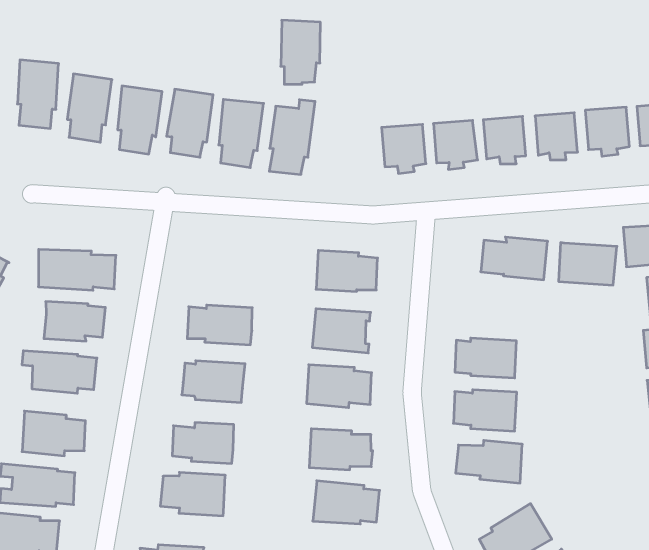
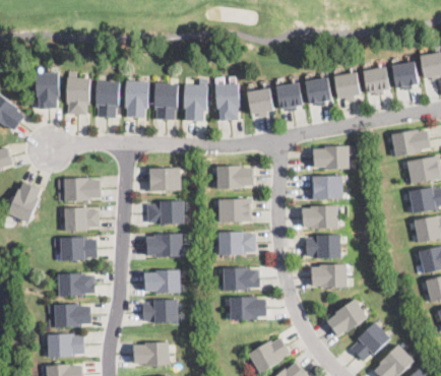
building: [281,20,320,84] -> [215,82,240,120]
building: [559,243,617,285] -> [310,176,342,199]
building: none -> [149,168,181,191]

